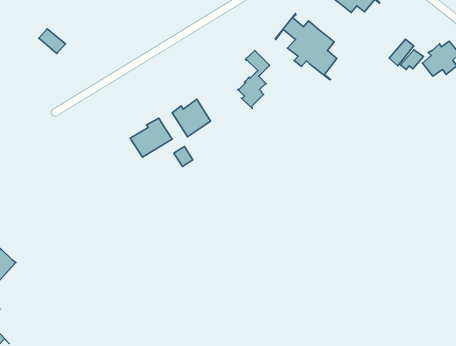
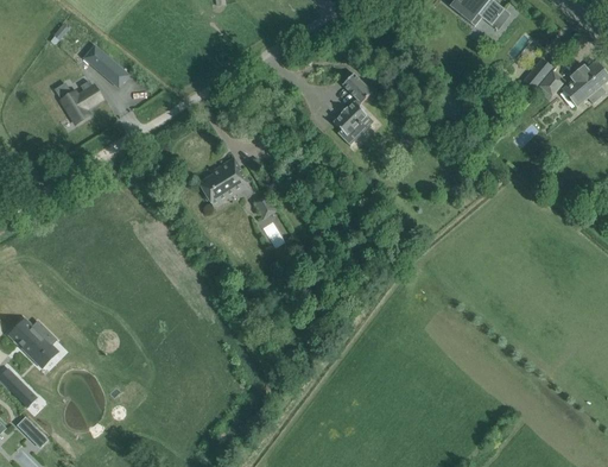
building: [275,14,337,80] -> none
building: none -> [61,81,102,124]
building: [172,99,211,137] -> none

